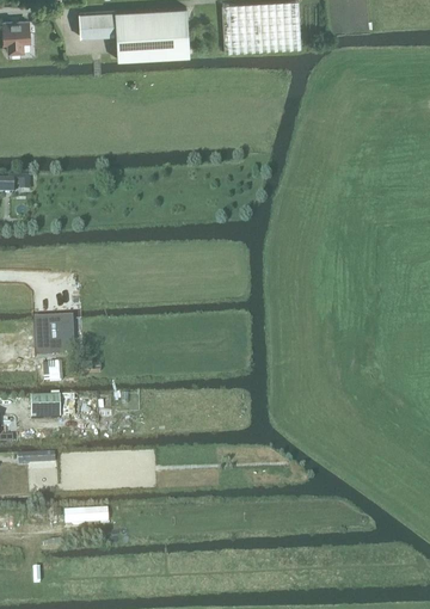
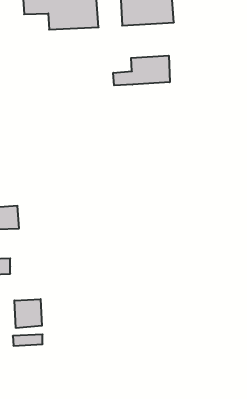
building: none -> [113,56,170,85]
building: none -> [14,299,42,328]

